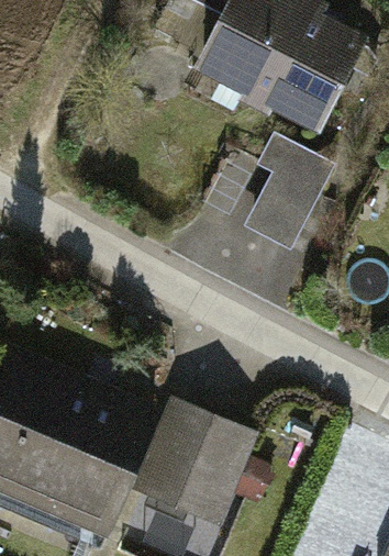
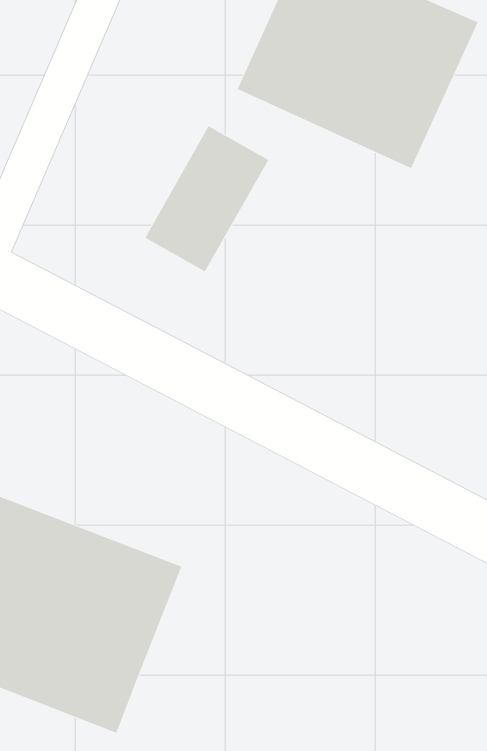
building: [245,143,333,246] -> [144,125,269,272]
building: [123,416,256,536] -> none

